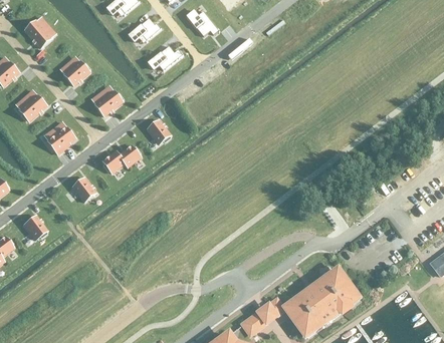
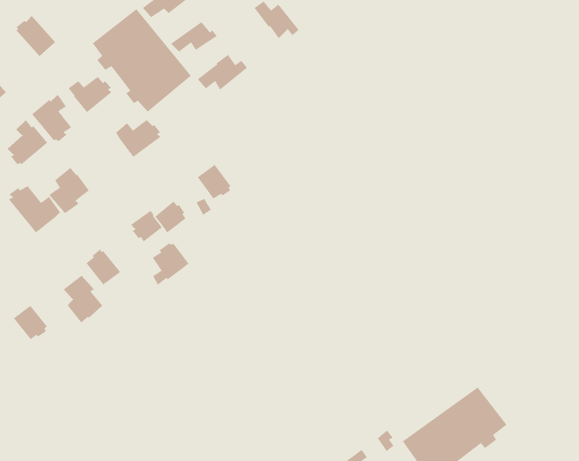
building: none -> [92,8,192,113]
building: none -> [31,94,72,142]
building: none -> [8,185,61,233]
building: none -> [152,242,190,286]
building: none -> [63,275,103,323]

